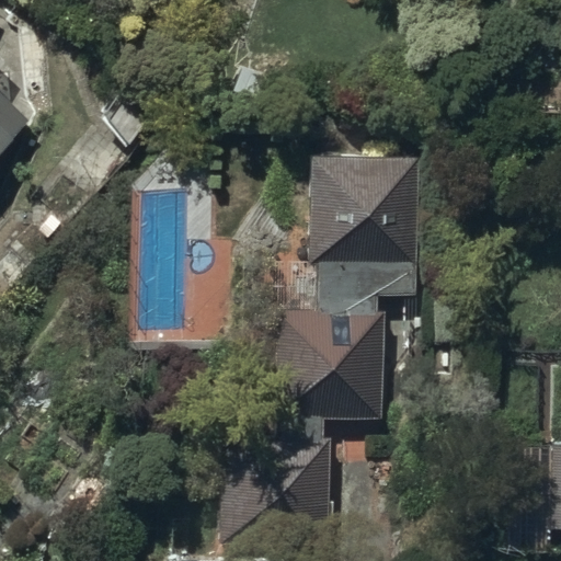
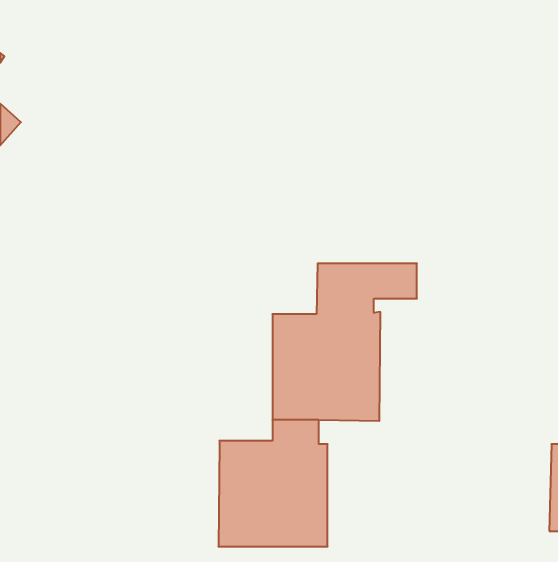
building: [309,154,421,262] -> none

